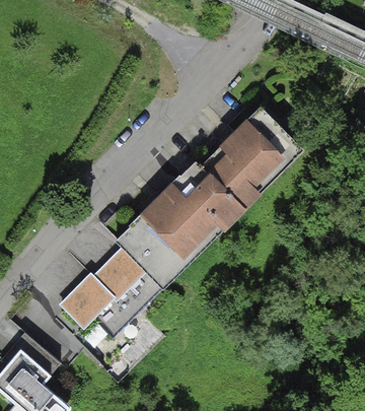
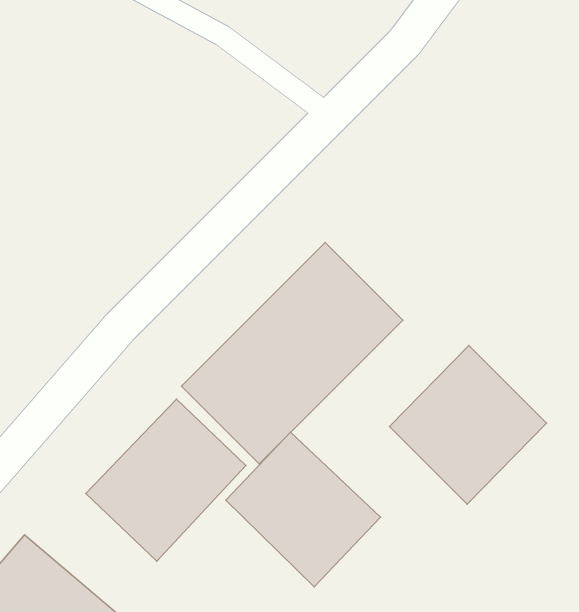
building: [208,101,304,199] -> [390,345,547,504]
building: none -> [226,432,381,587]

